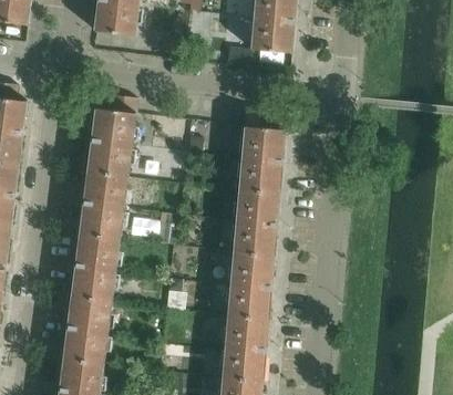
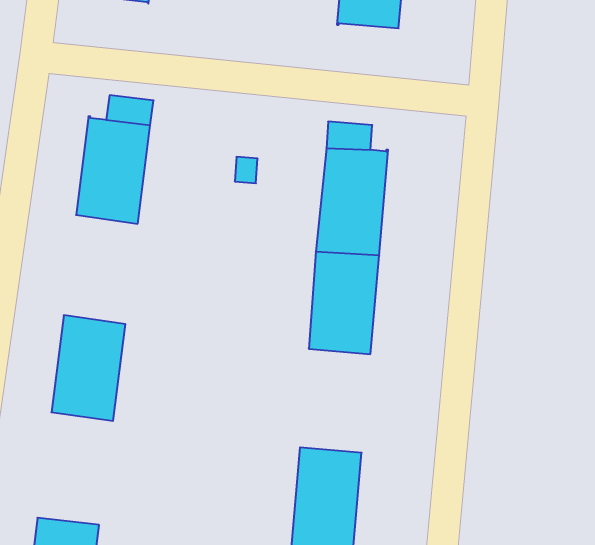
building: [80,171,126,240] -> none
building: [228,256,272,321] -> none
building: [63,295,111,366] -> none

